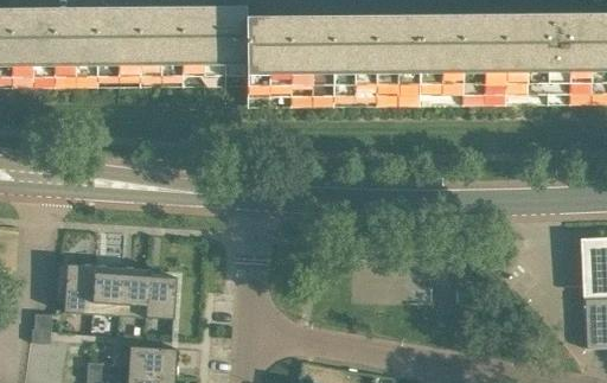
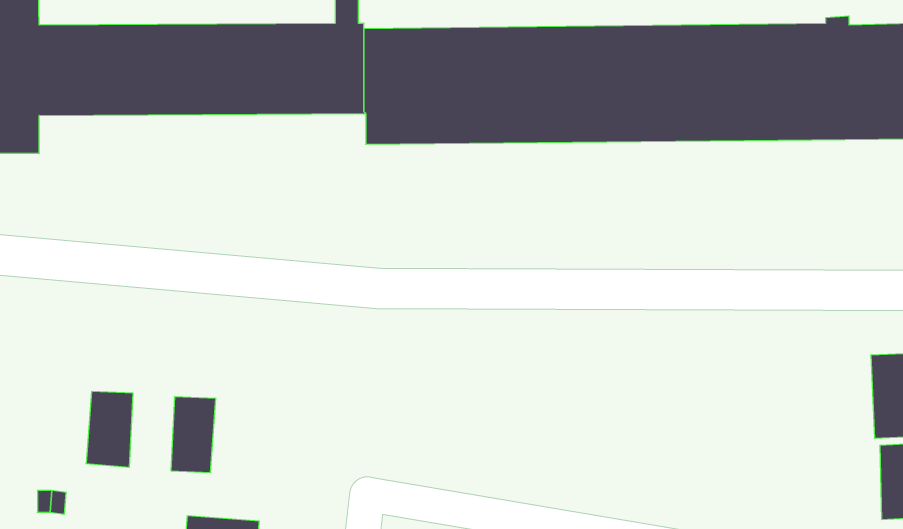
building: [91,261,121,312] -> none
building: [145,264,175,315] -> none

